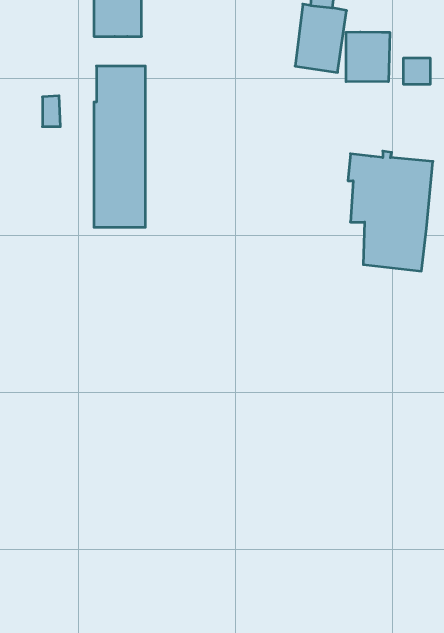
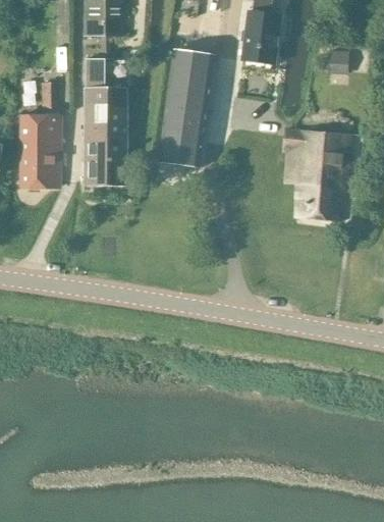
building: [346,32,390,82] -> none
building: none -> [157,46,214,164]
building: none -> [20,115,60,187]

